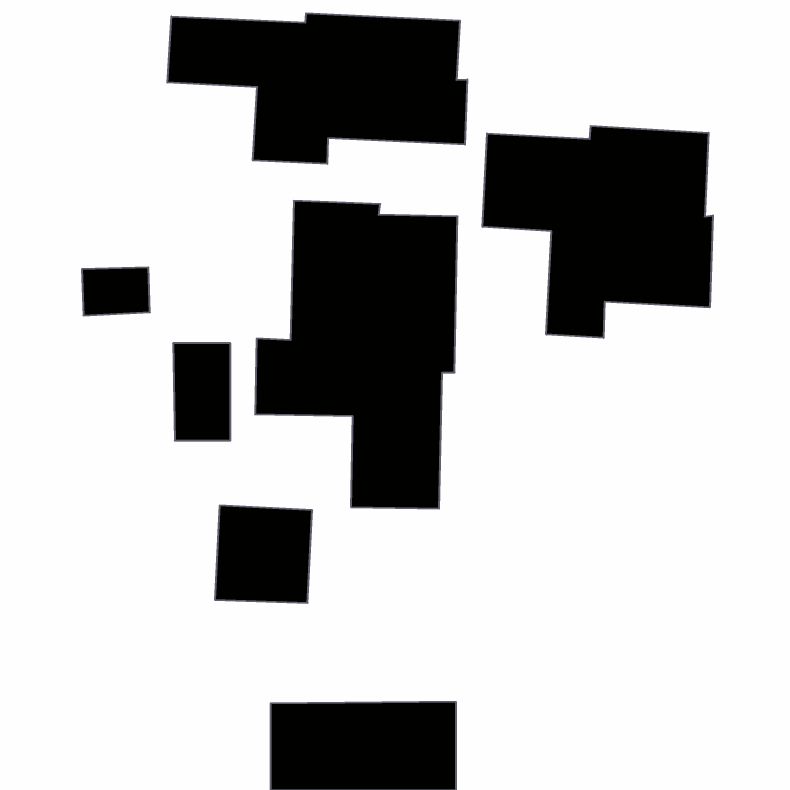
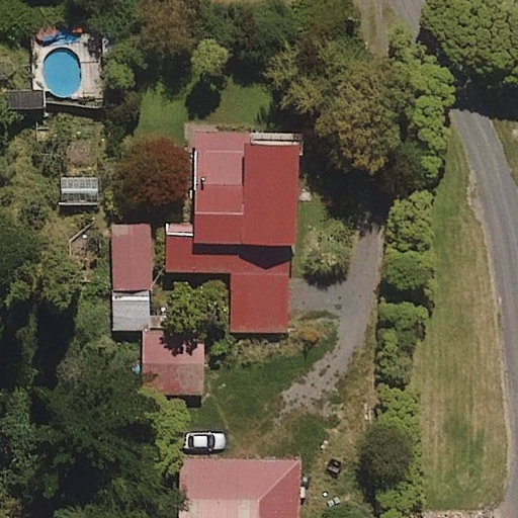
building: [167,13,467,164] -> none
building: [483,126,713,338] -> none

